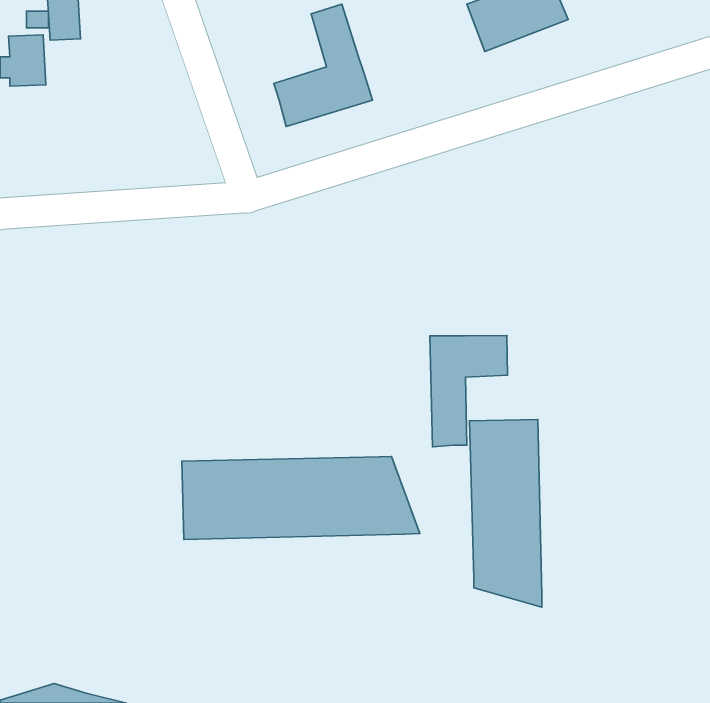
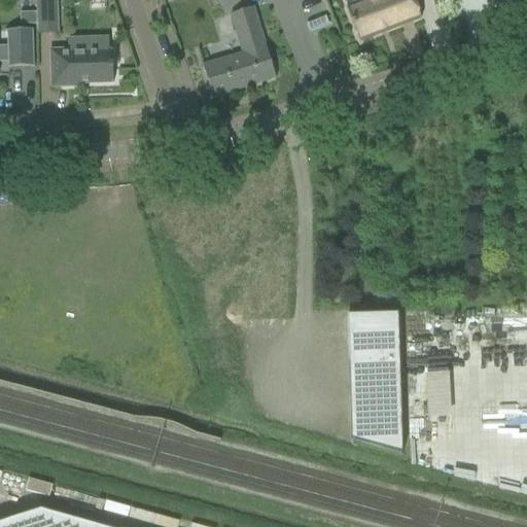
building: none -> [49,35,112,83]
building: [430,336,507,447] -> none
building: [182,456,420,540] -> none

